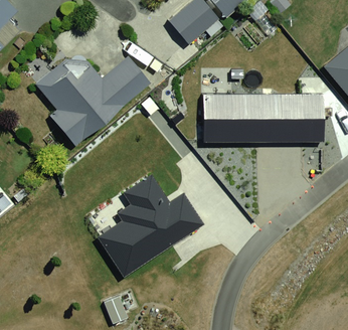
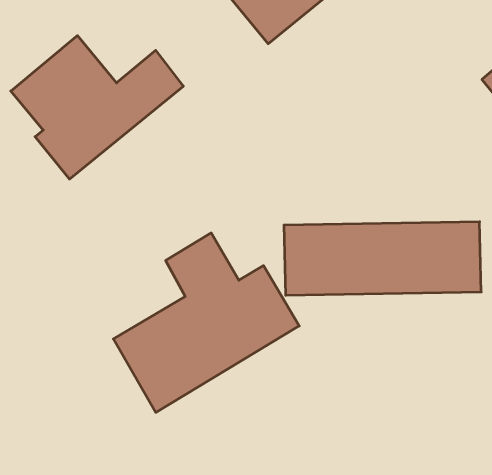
building: [197,101,319,146] -> [284,222,481,295]

